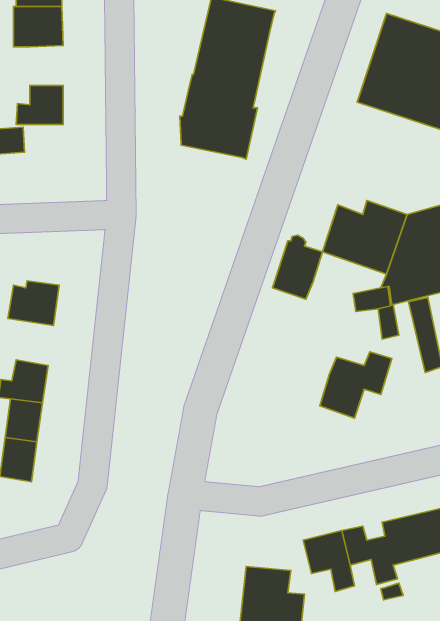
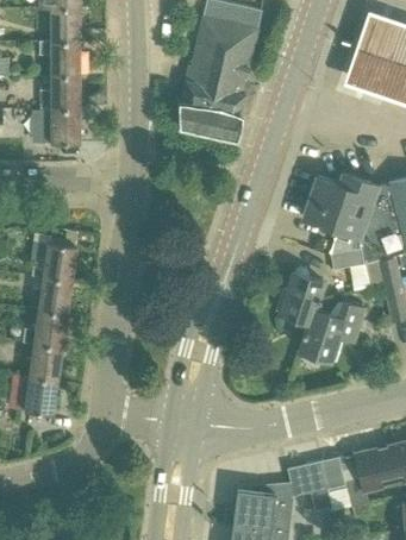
building: none -> [39,40,80,75]
building: none -> [51,108,80,143]
building: [273,235,323,299] -> [280,268,323,322]
building: none -> [31,275,71,315]

